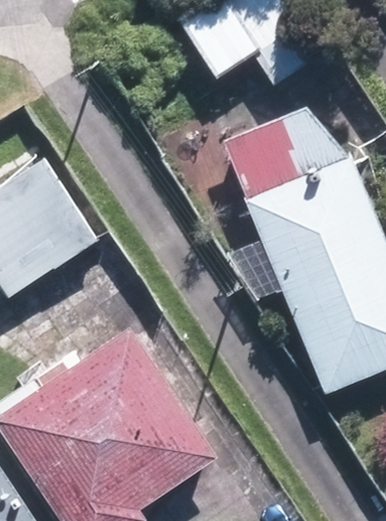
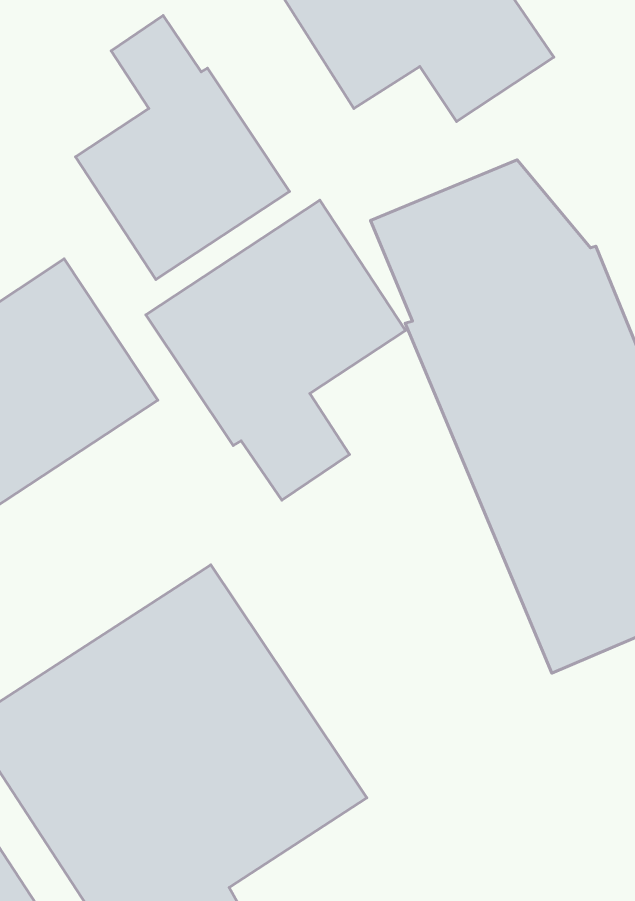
building: none -> [75,16,289,279]
building: none -> [146,200,405,500]

